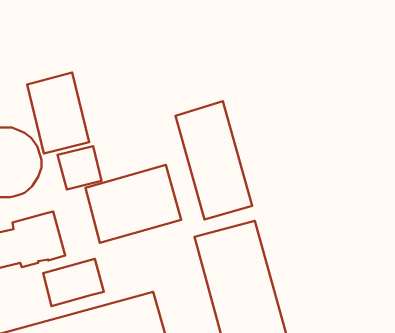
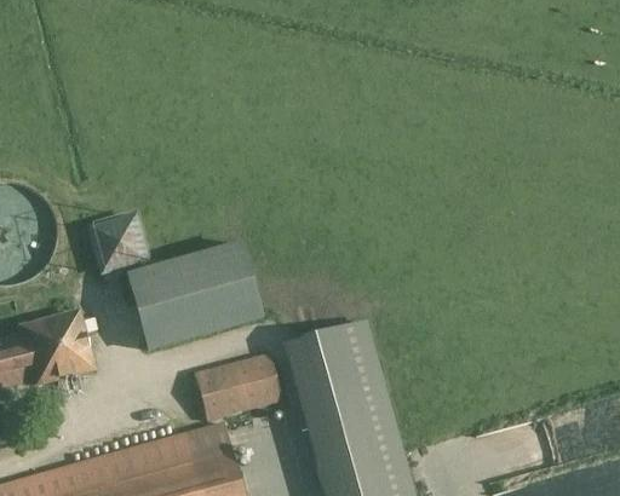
building: [27,72,89,153] -> none
building: [176,101,252,220] -> none
building: [43,259,104,306] -> [193,354,280,422]

